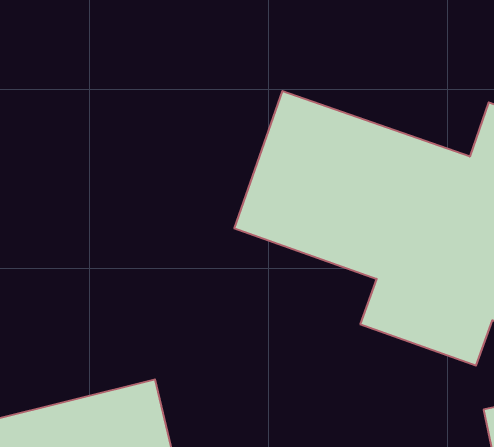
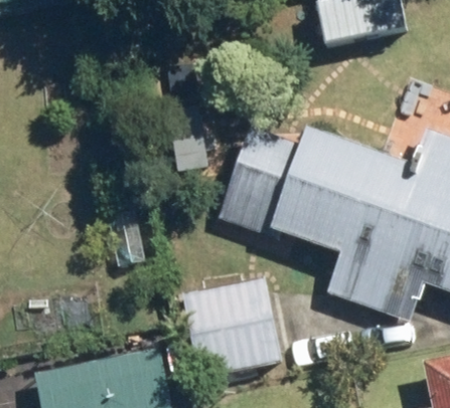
building: none -> [181,287,284,381]

